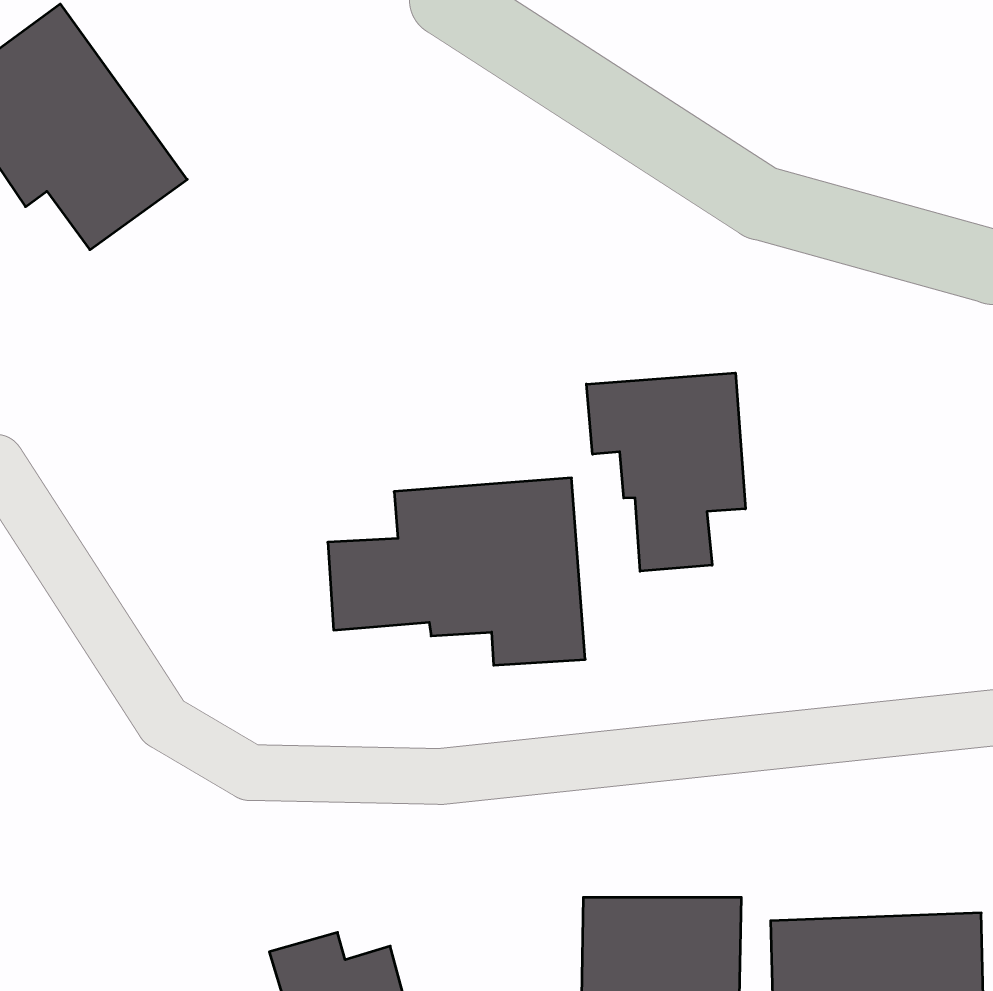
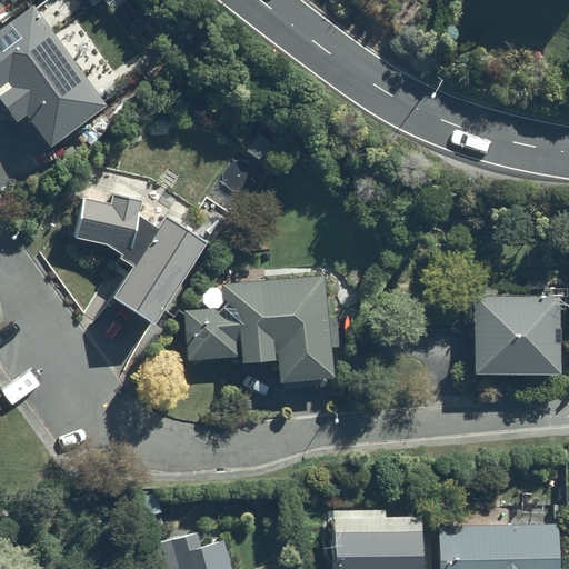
building: none -> [76,193,208,323]
building: [586,373,745,571] -> none
building: none -> [476,299,561,378]

